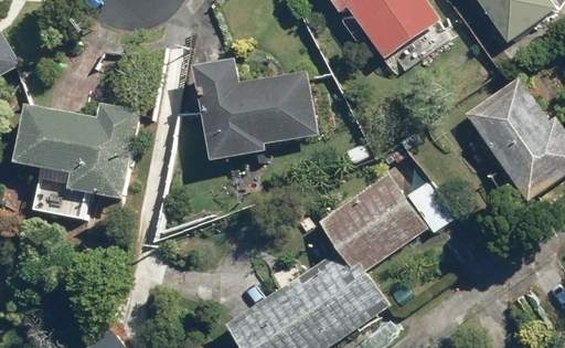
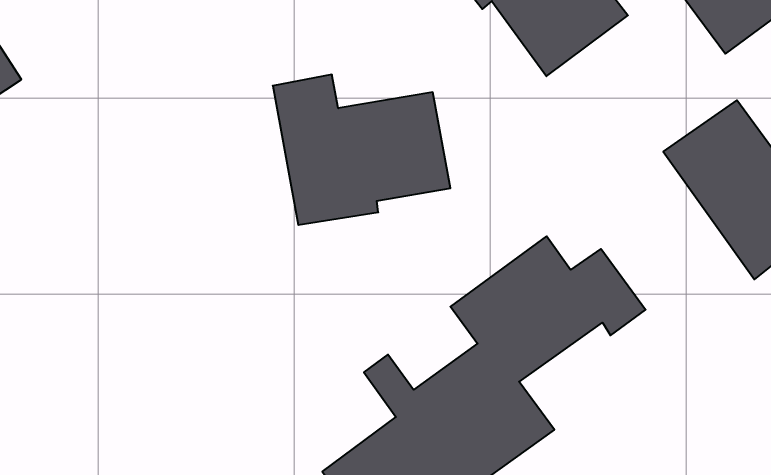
building: [14,103,137,217] -> none

